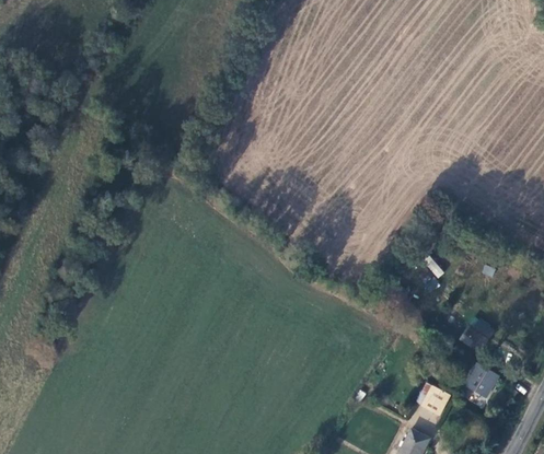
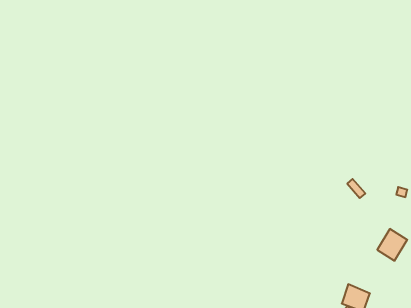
building: [465,372,494,404] -> none

